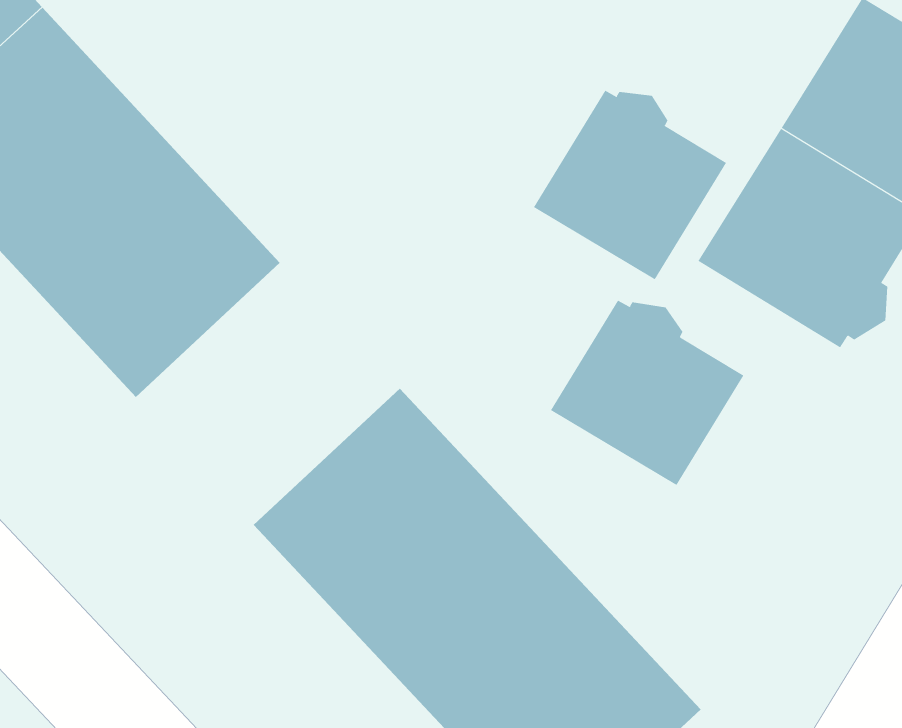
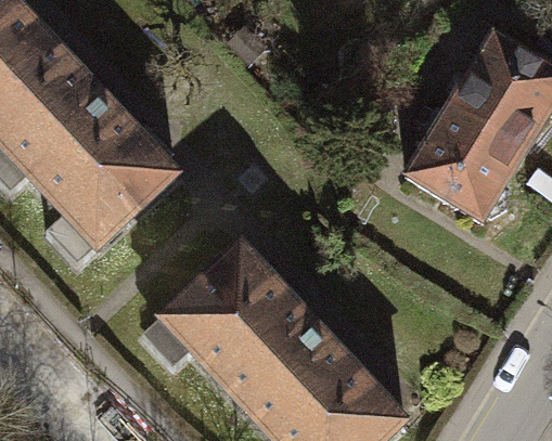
building: [533,90,727,280] -> none
building: [550,300,744,486] -> none

